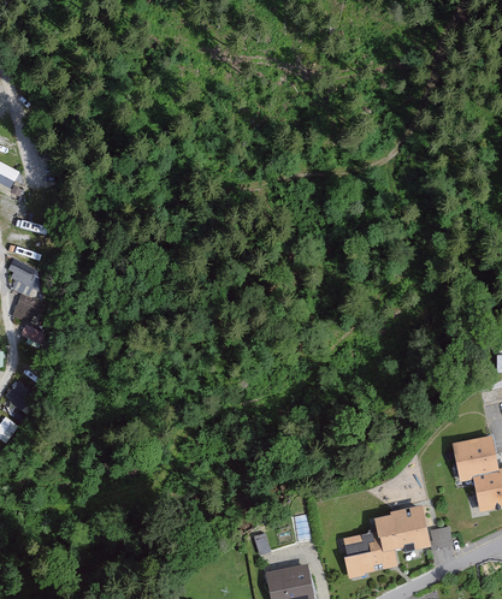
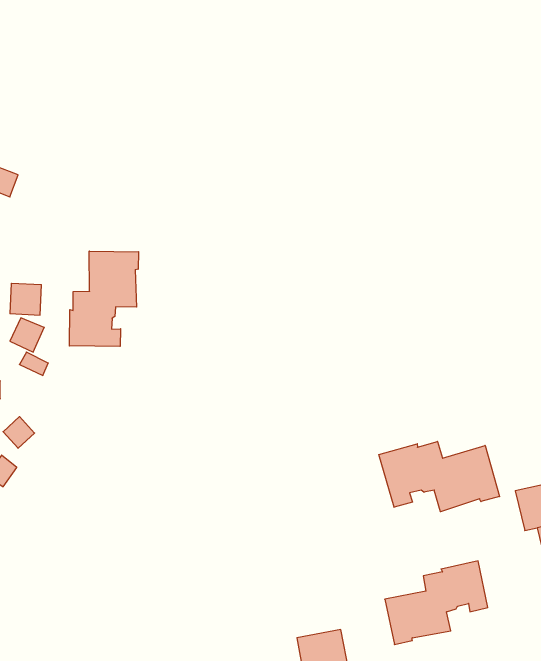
building: none -> [69,251,139,346]
building: none -> [379,441,500,512]

